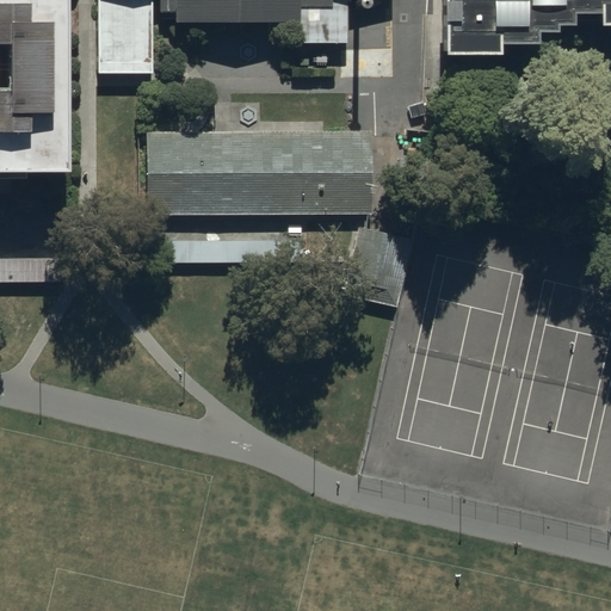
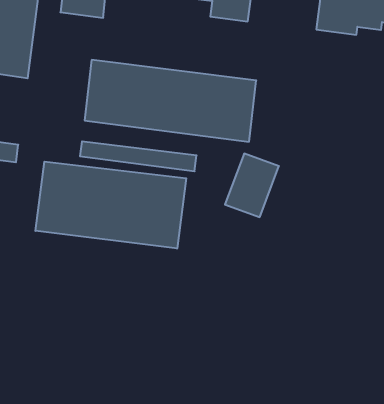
building: none -> [35,162,186,249]

